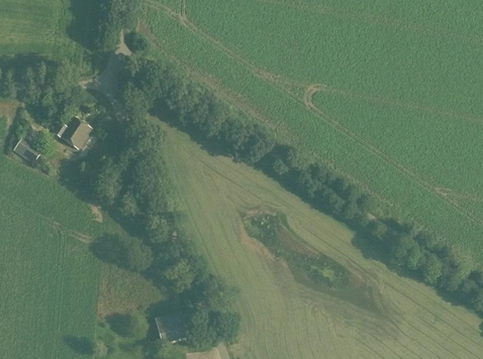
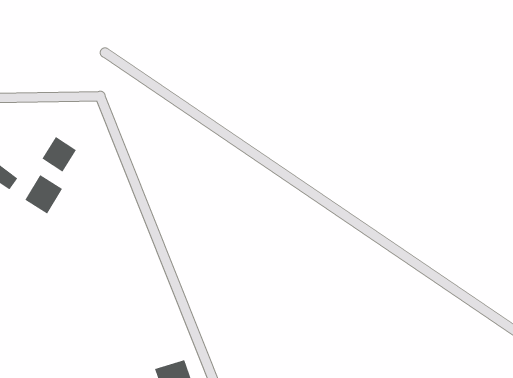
building: none -> [24,174,63,215]

